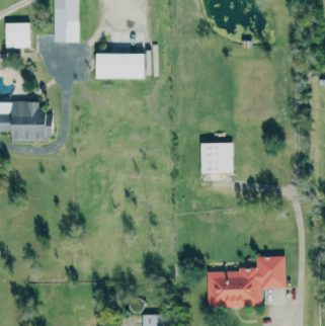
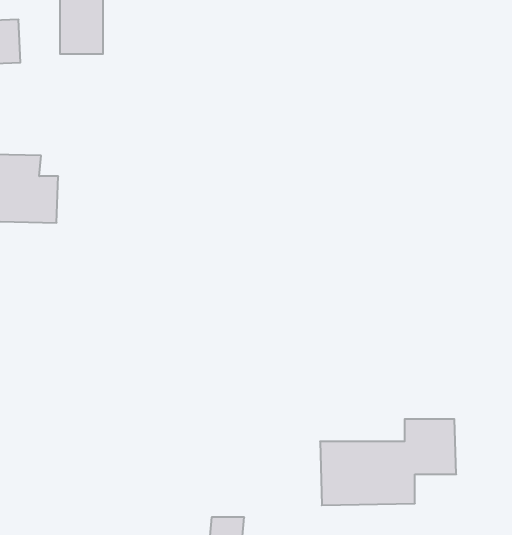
building: [94,53,145,78] -> none
building: [200,142,234,173] -> none

